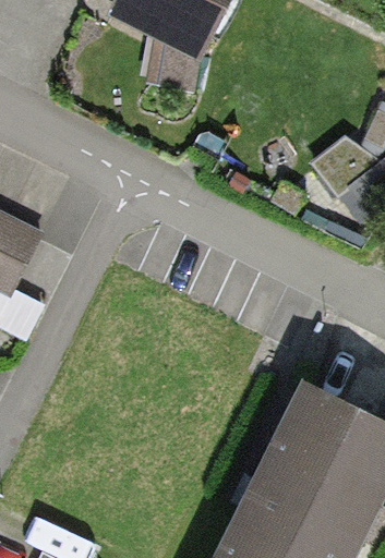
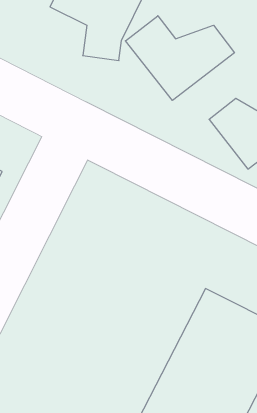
building: none -> [125,16,234,100]

